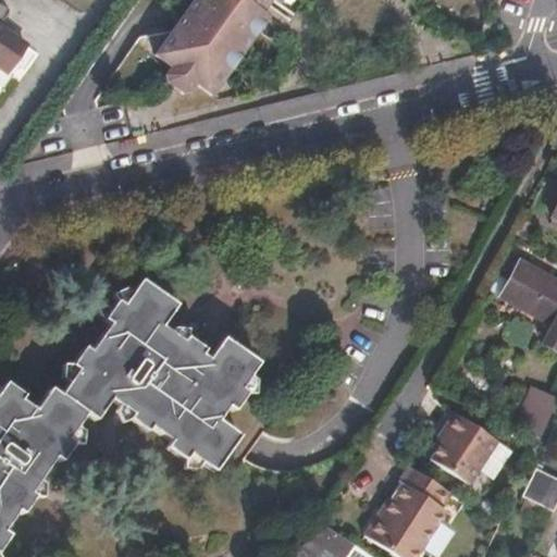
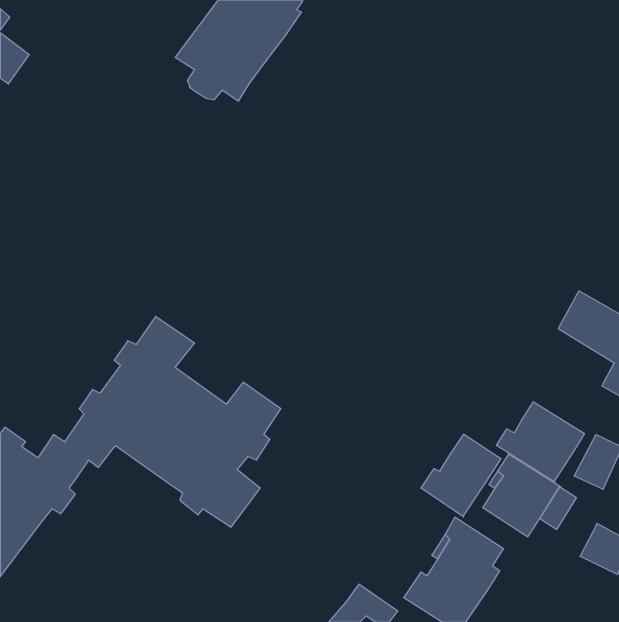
building: none -> [497,402,584,482]
building: none -> [421,434,501,517]

